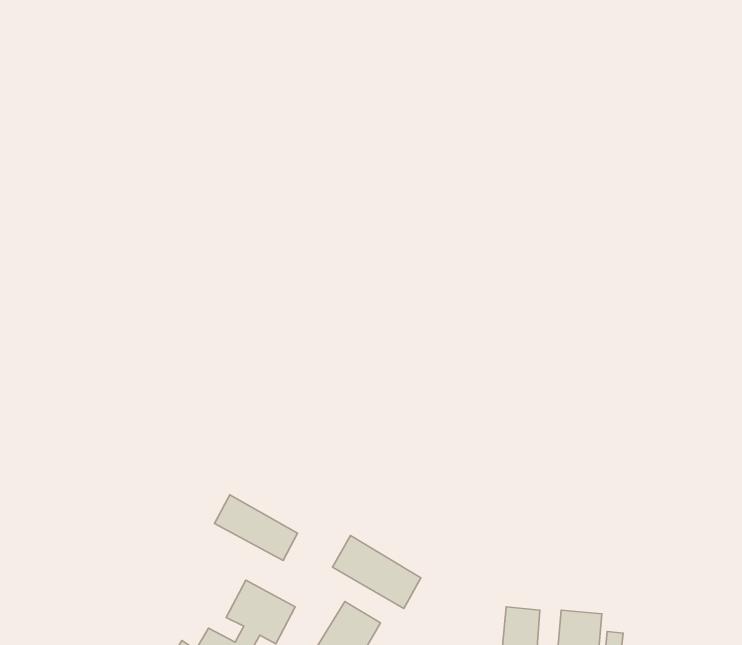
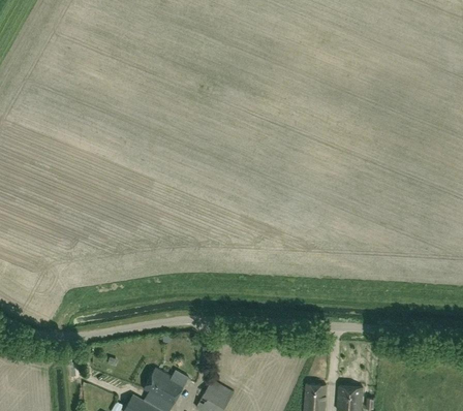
building: [214,495,297,561] -> none
building: [333,535,421,608] -> none

